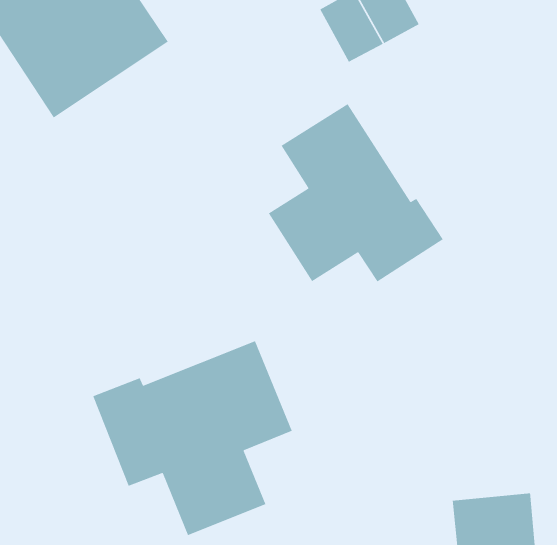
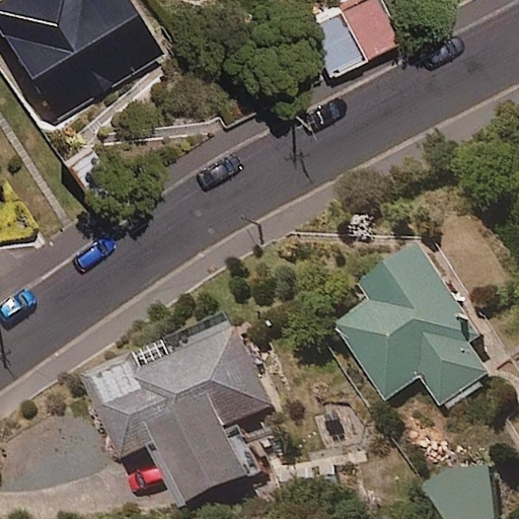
building: [268,103,444,282] -> none
building: none -> [333,241,491,406]

